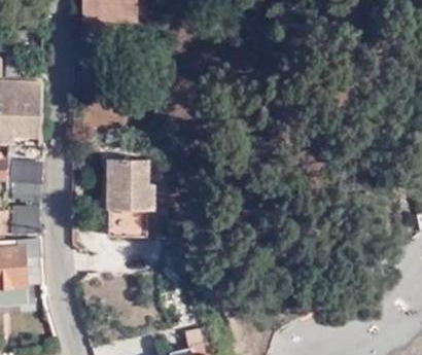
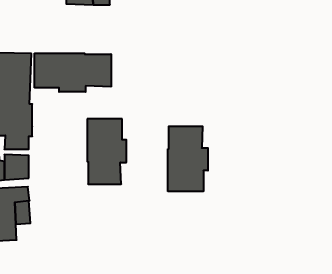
building: none -> [35,53,111,92]
building: none -> [168,126,208,191]

